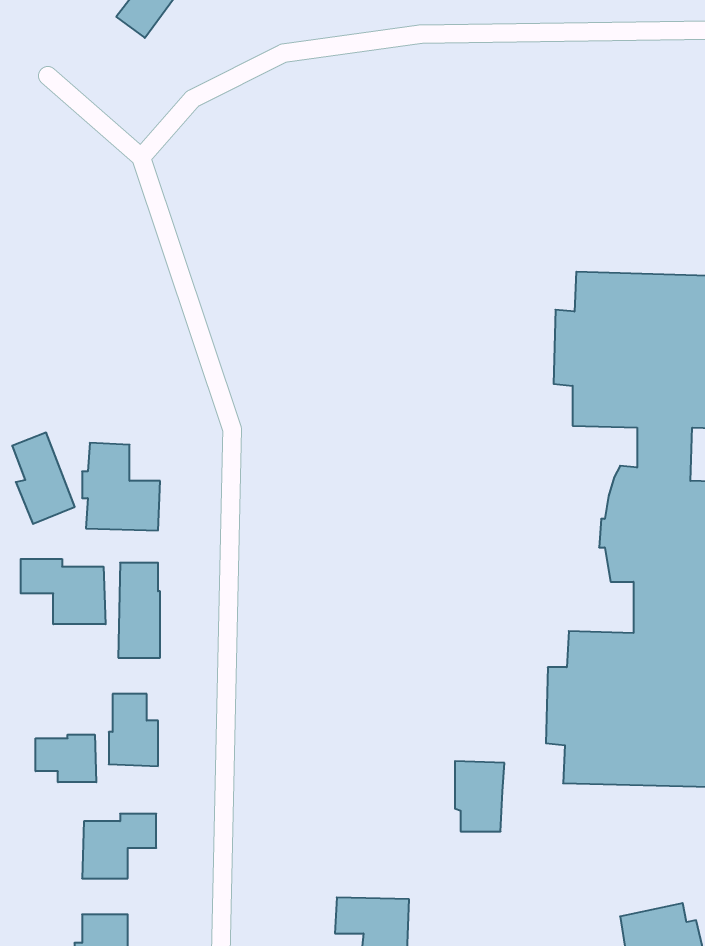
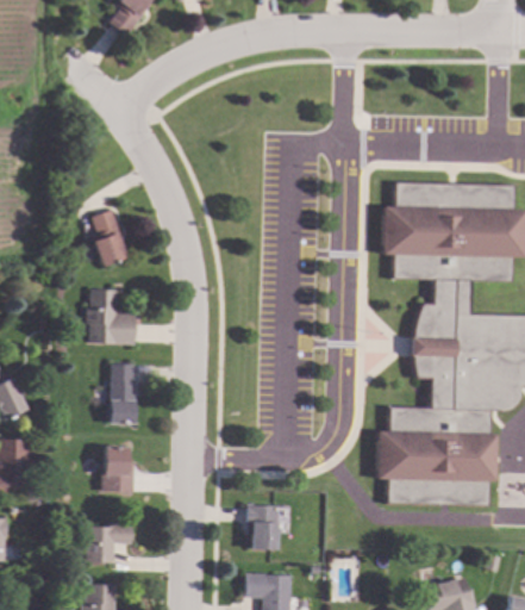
building: [12,433,75,524] -> [90,210,130,267]
building: [21,559,106,624] -> none
building: [36,735,96,782] -> none
building: [455,761,504,831] -> [249,505,280,549]

